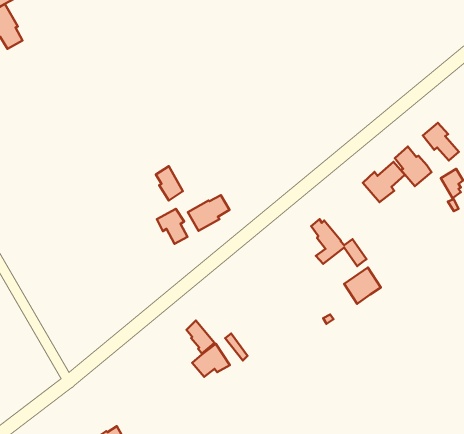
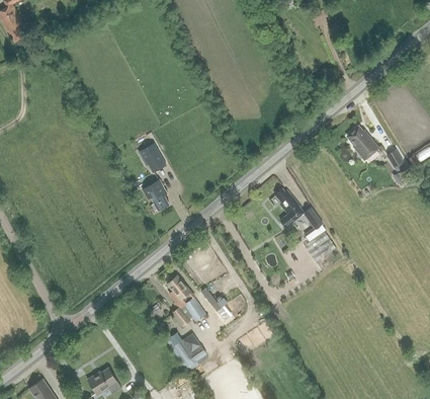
building: [423,123,459,161] -> none
building: [363,162,405,202] -> none
building: [188,195,230,231] -> none
building: none -> [169,331,206,368]

